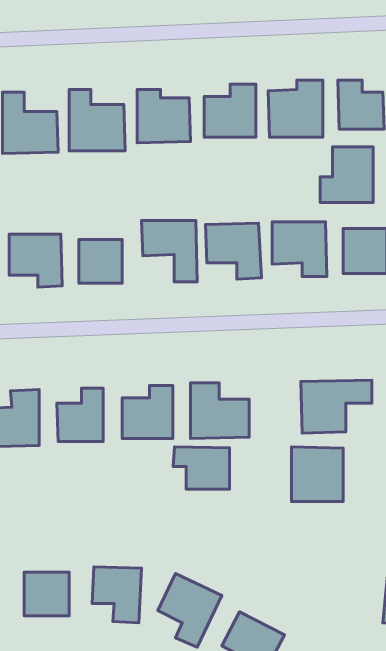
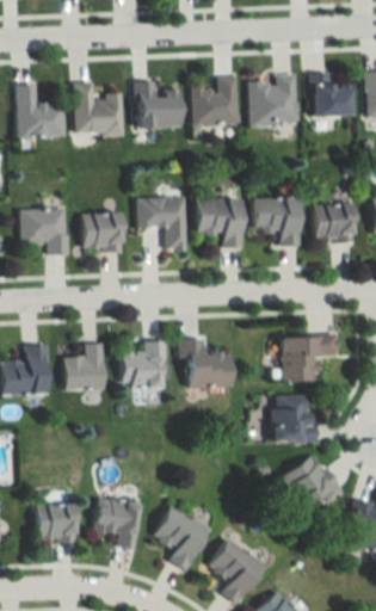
building: [320,147,373,202] -> none
building: [173,447,229,489] -> none
building: none -> [282,453,343,514]

